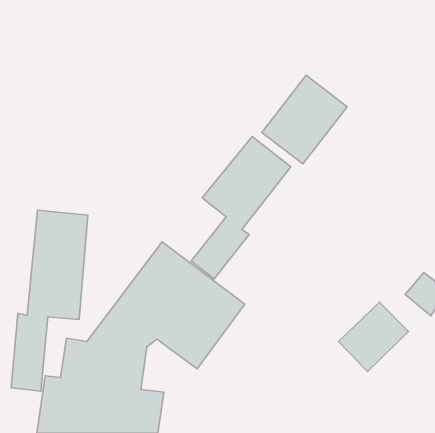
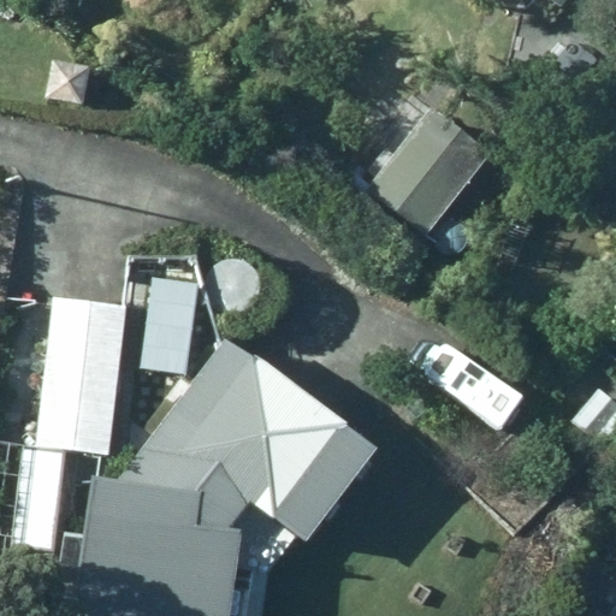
building: [191,137,291,279] -> none

